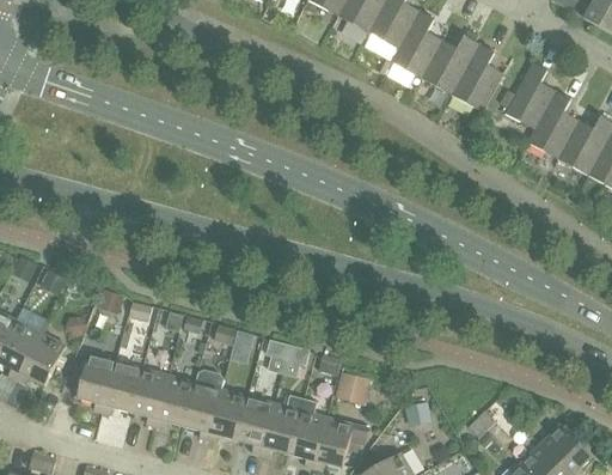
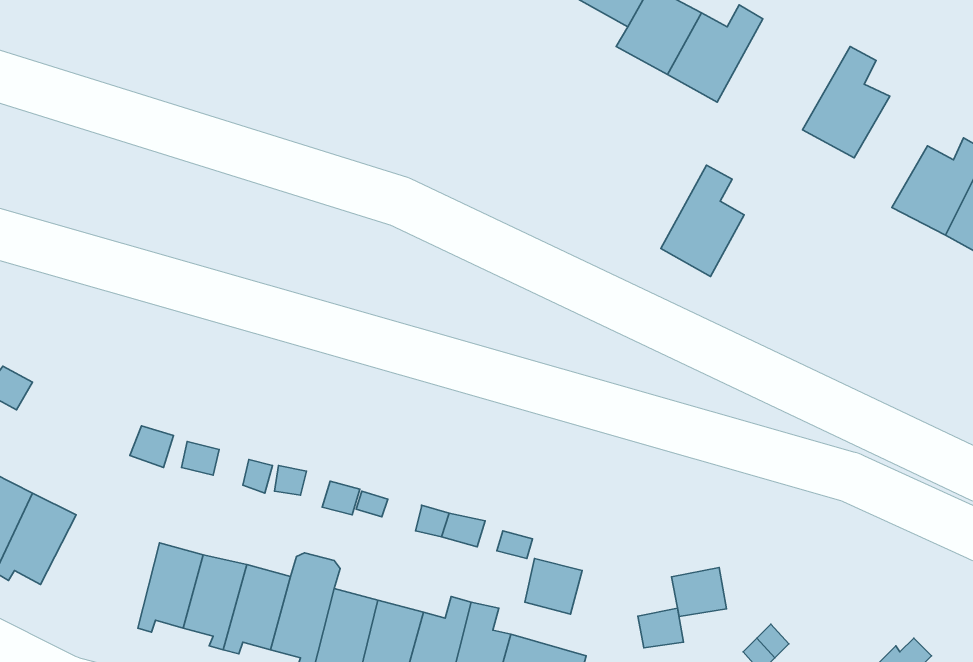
building: [452,44,502,111] -> [661,165,744,276]
building: [527,91,579,158] -> none
building: [72,353,116,412] -> none
building: none -> [672,567,727,616]

